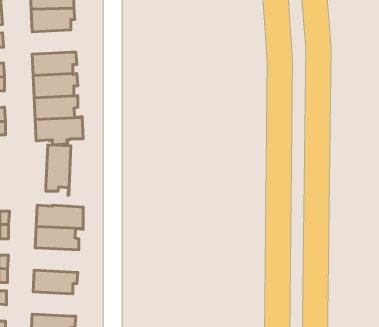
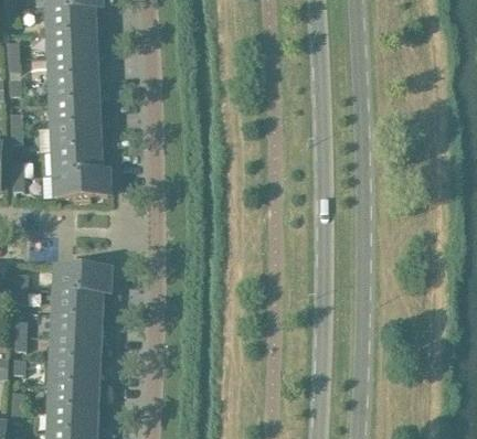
building: none -> [52,75,99,101]
building: [46,145,71,195] -> none
building: none -> [54,311,103,338]
building: none -> [52,358,100,385]

